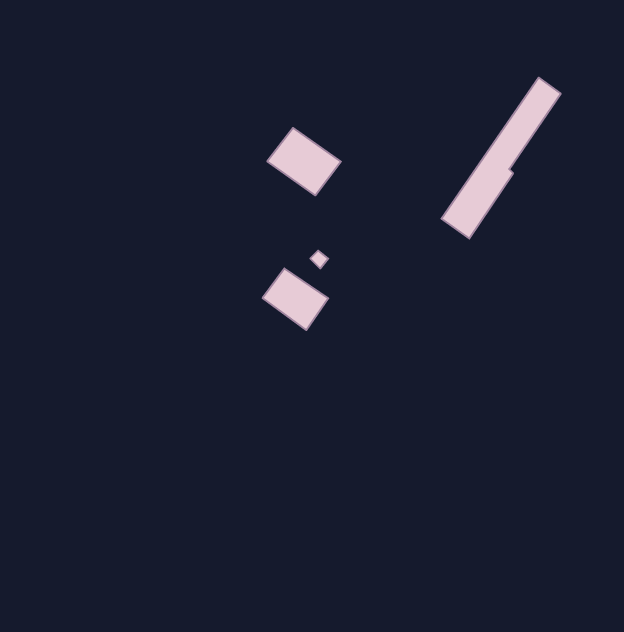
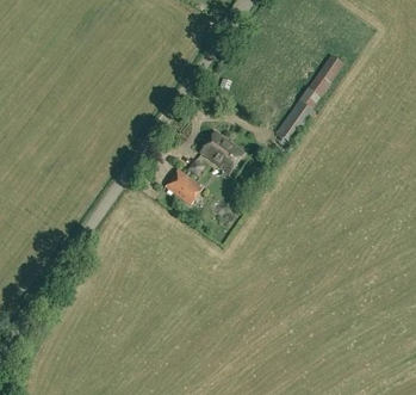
building: [267,128,341,195] -> [200,131,244,172]

